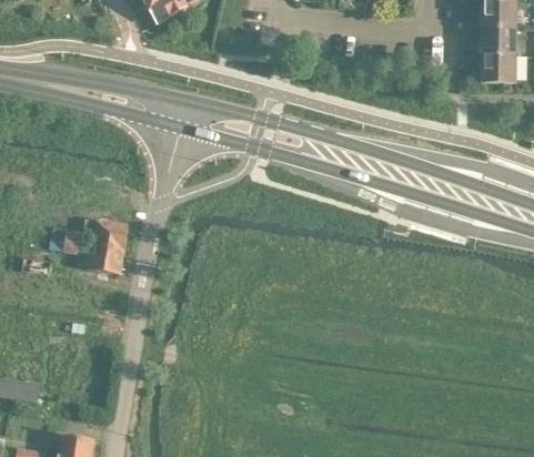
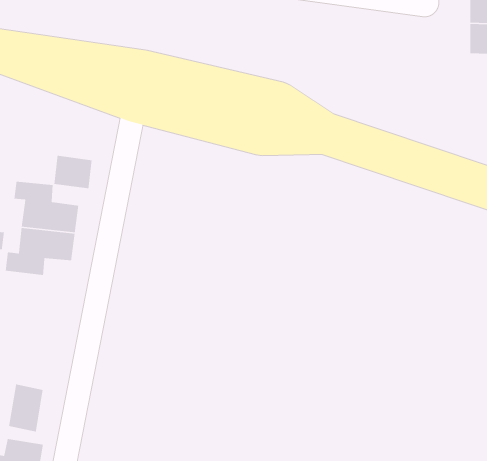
building: none -> [54,155,92,189]
building: none -> [8,384,44,432]

